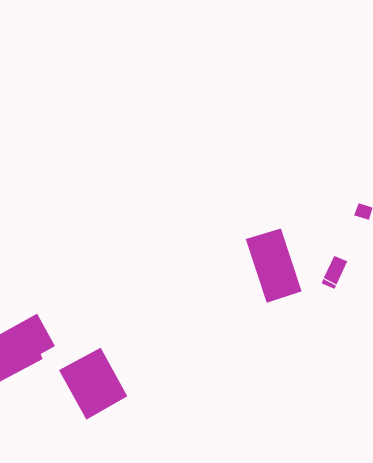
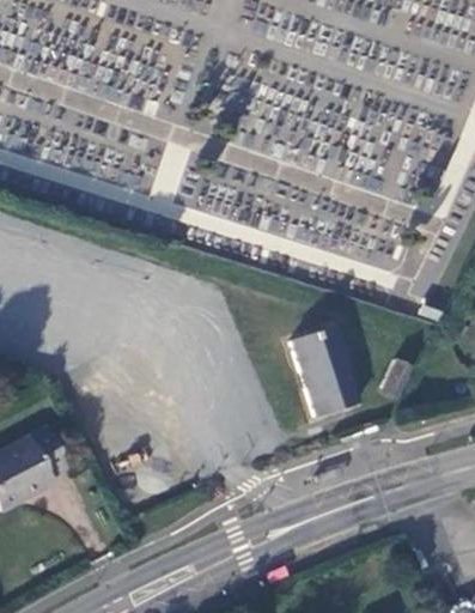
building: [58,347,128,420] -> none

